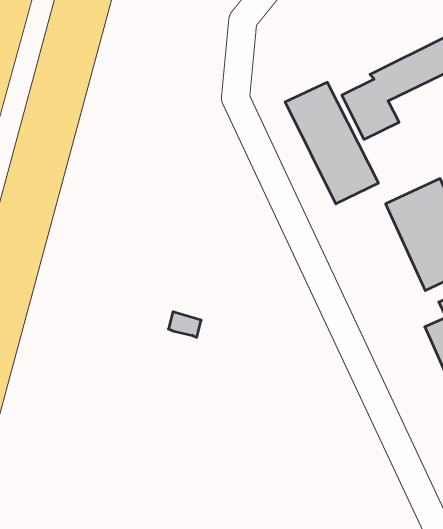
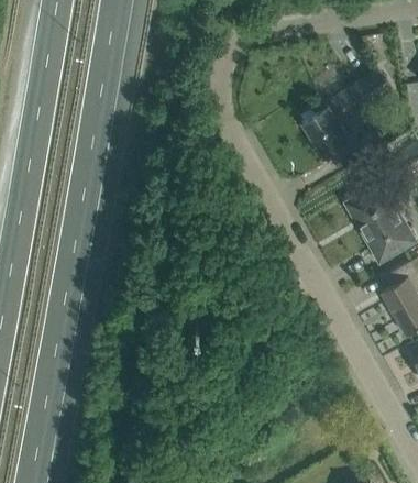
building: [285,82,378,204] -> none

